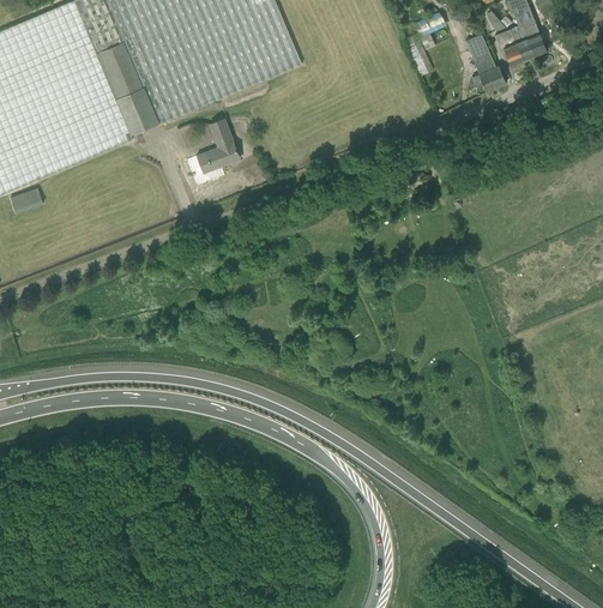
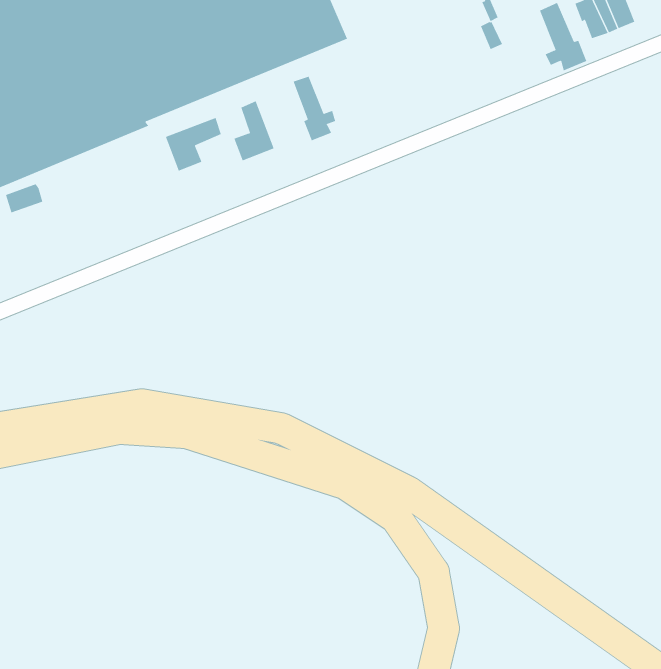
building: none -> [293,76,336,141]
building: none -> [165,117,222,171]

